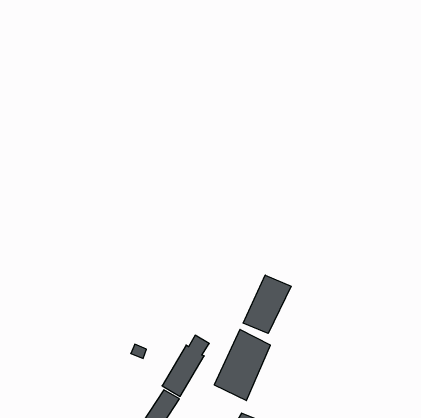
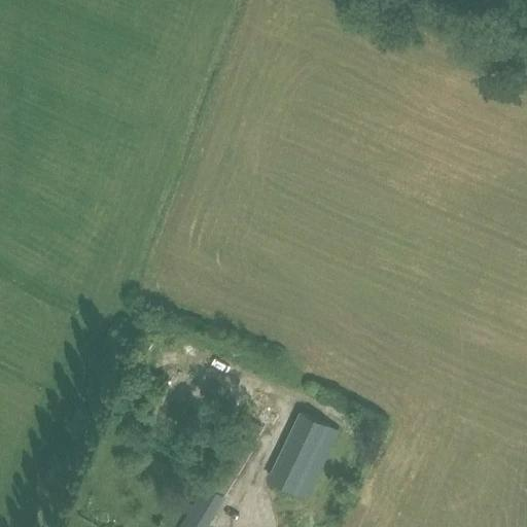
building: [243,275,291,333] -> none

